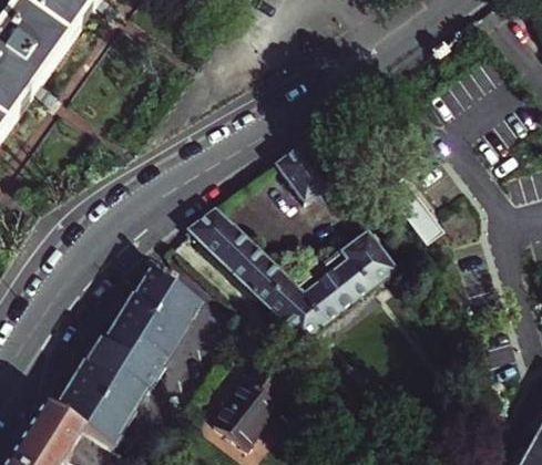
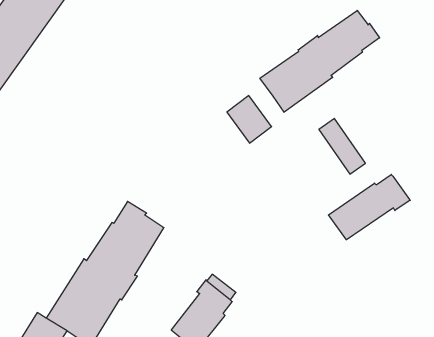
building: none -> [260,10,380,112]
building: [190,208,396,348] -> none
building: none -> [328,174,410,240]

